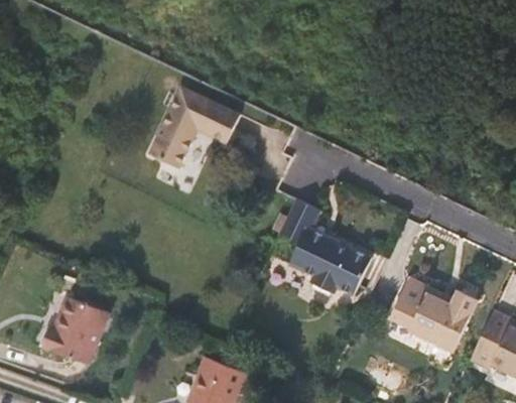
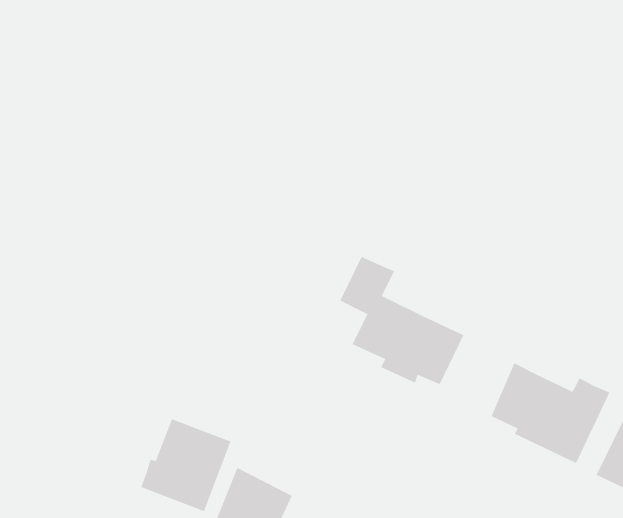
building: [149,86,240,168] -> none
building: [43,295,111,365] -> [140,418,232,512]

